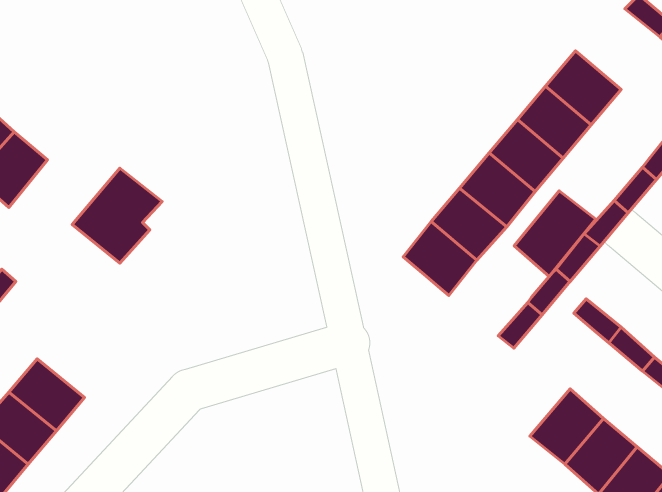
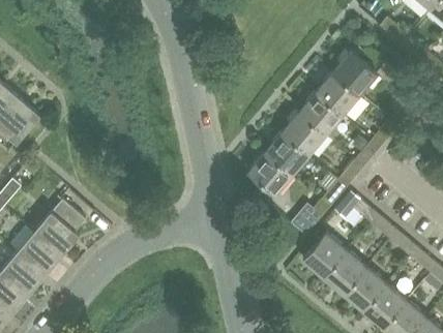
building: [72,168,162,263] -> [33,200,86,255]
building: [514,191,596,277] -> none
building: none -> [303,233,347,278]

